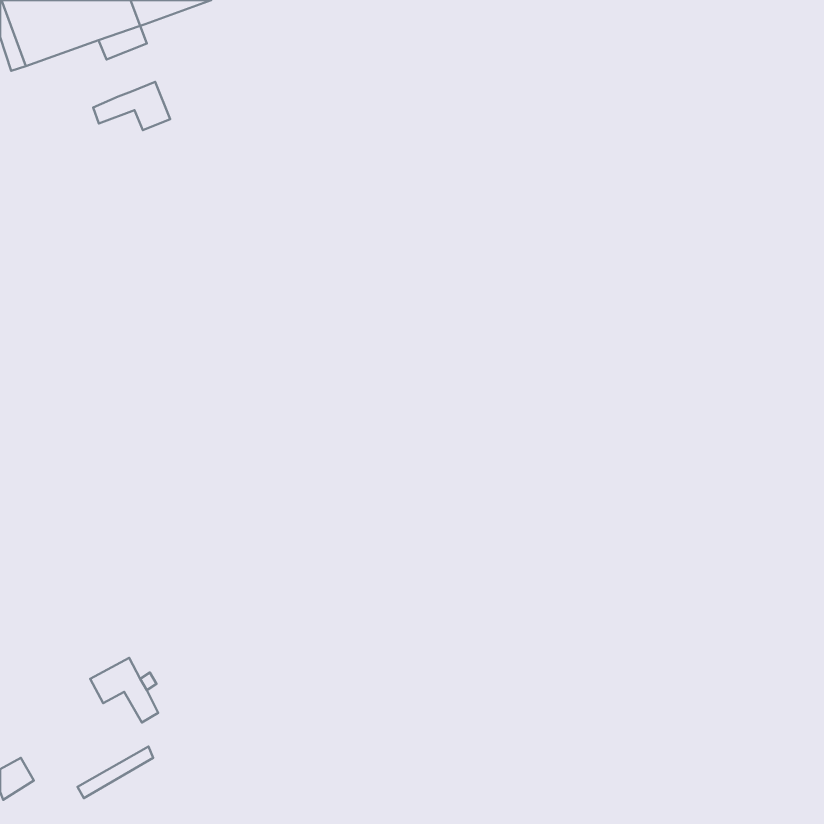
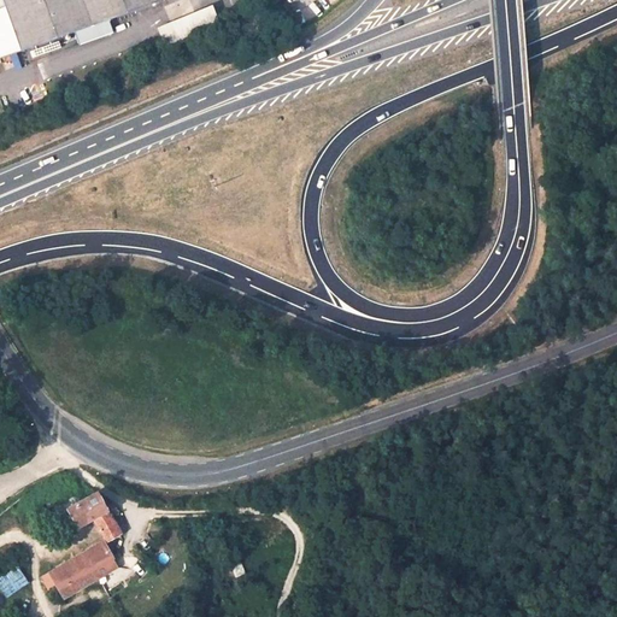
building: [93,82,170,130] -> none
building: none -> [49,541,111,588]

